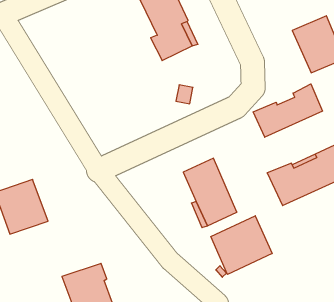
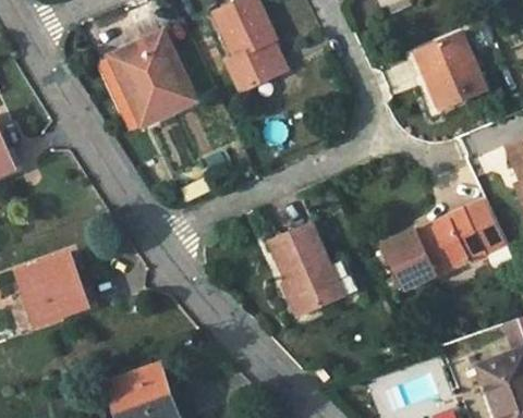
building: none -> [108,33,194,123]
building: [253,84,323,137] -> none
building: [211,216,272,274] -> none

